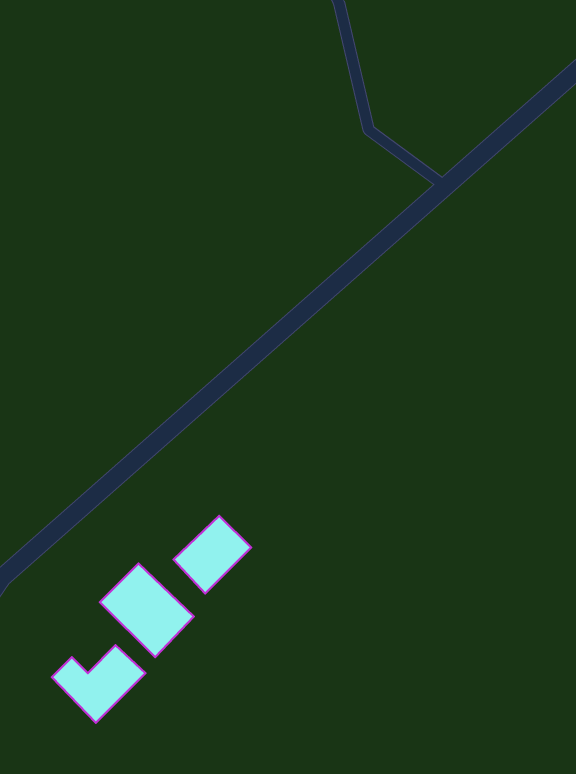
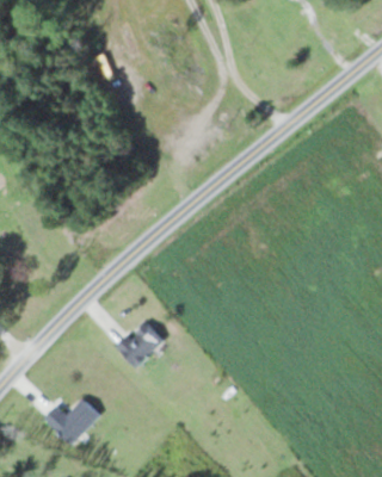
building: [100,564,194,657] -> none

